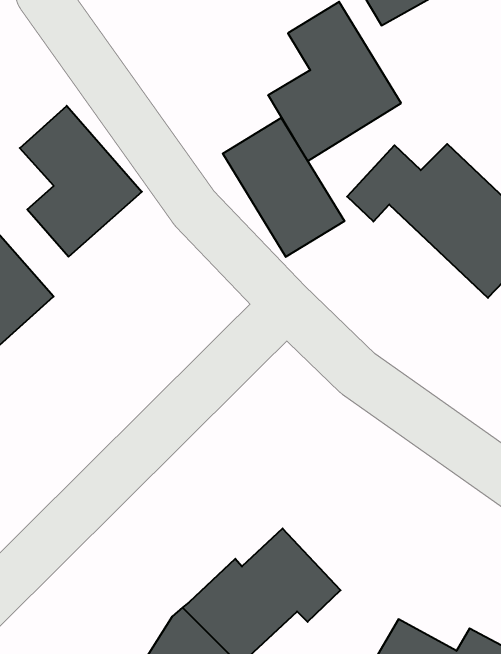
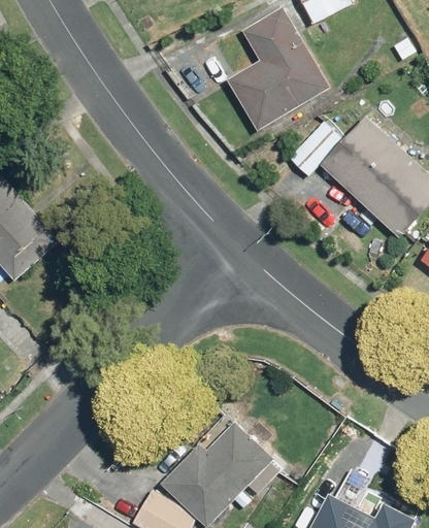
building: [20,106,142,257] -> none
building: [223,118,344,257] -> none

